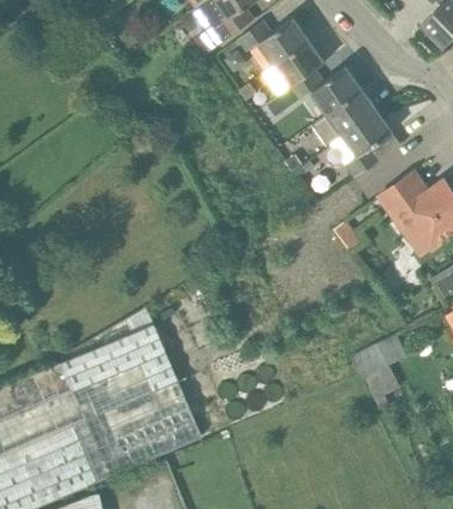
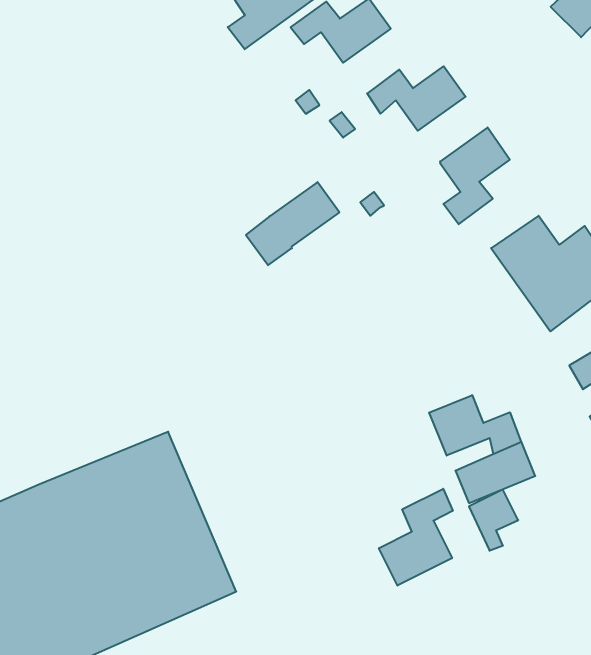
building: [275,40,326,85] -> none
building: [311,88,377,146] -> [246,182,339,265]
building: none -> [429,395,521,456]
building: none -> [379,489,453,586]

